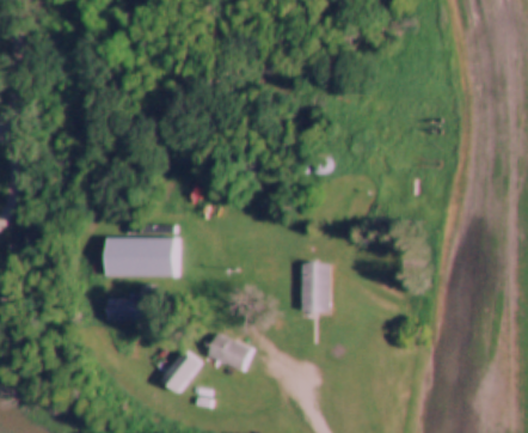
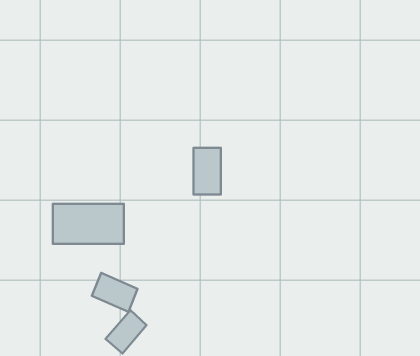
building: [300,262,329,311] -> [193,148,221,195]
building: [204,331,252,372] -> [92,273,138,312]

